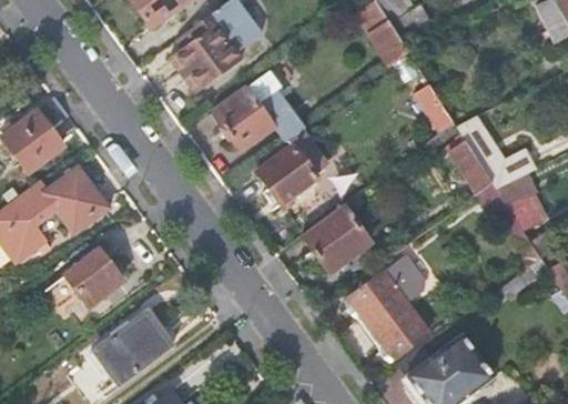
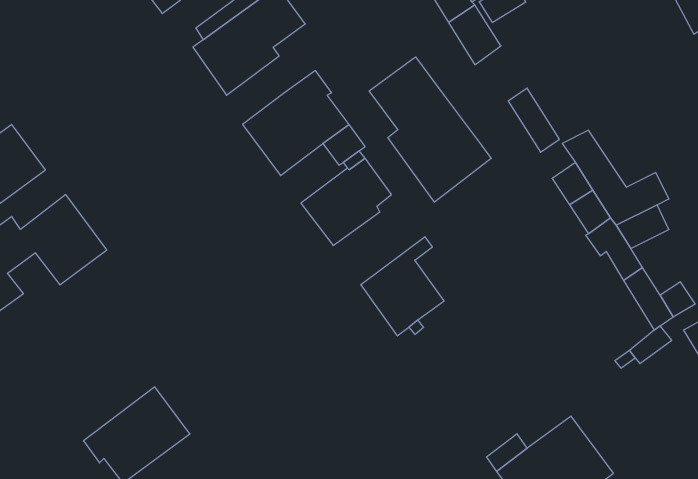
building: none -> [369,57,491,202]
building: [45,249,123,306] -> none
building: [345,255,429,361] -> none

